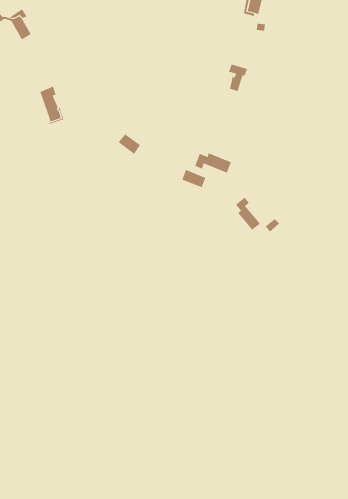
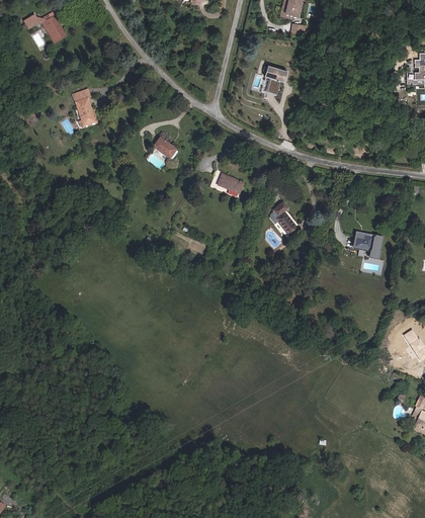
building: [195,152,231,173] -> none
building: none -> [354,234,382,257]

